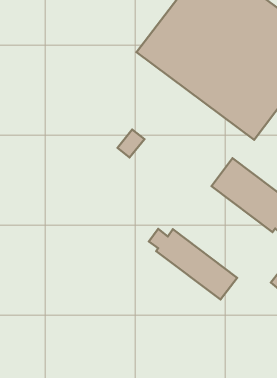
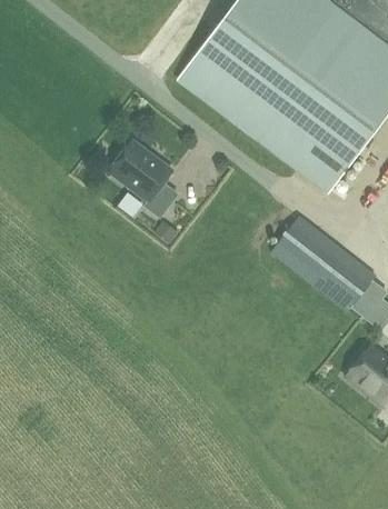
building: none -> [110,140,173,201]
building: [149,229,237,300] -> none

